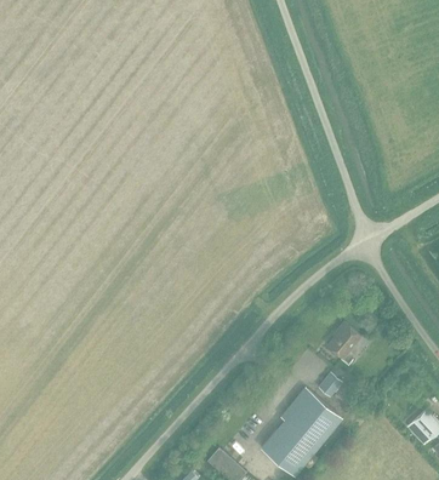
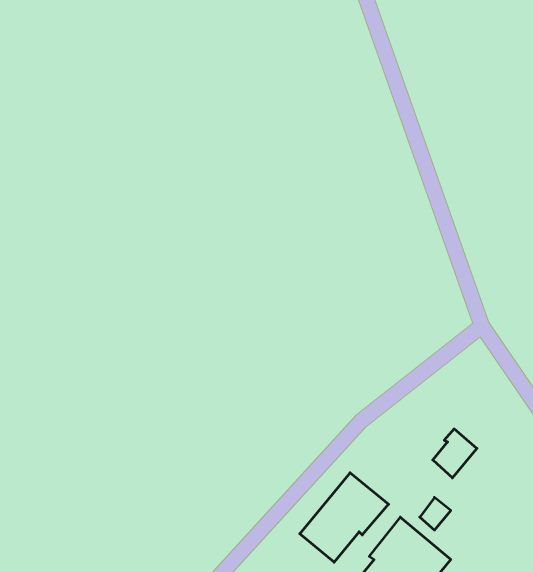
building: none -> [300,473,389,562]

